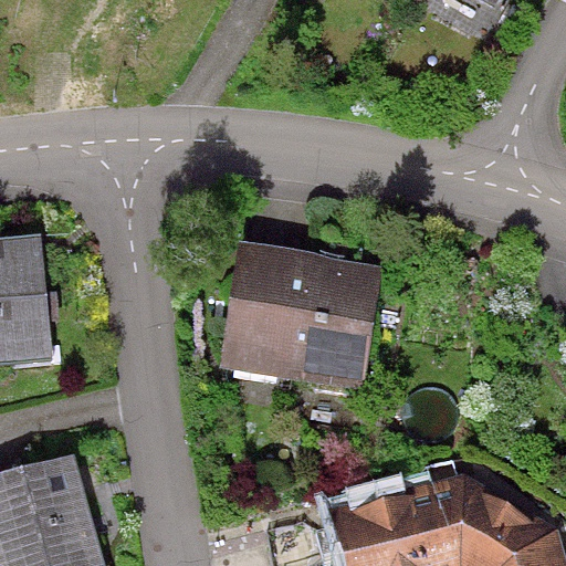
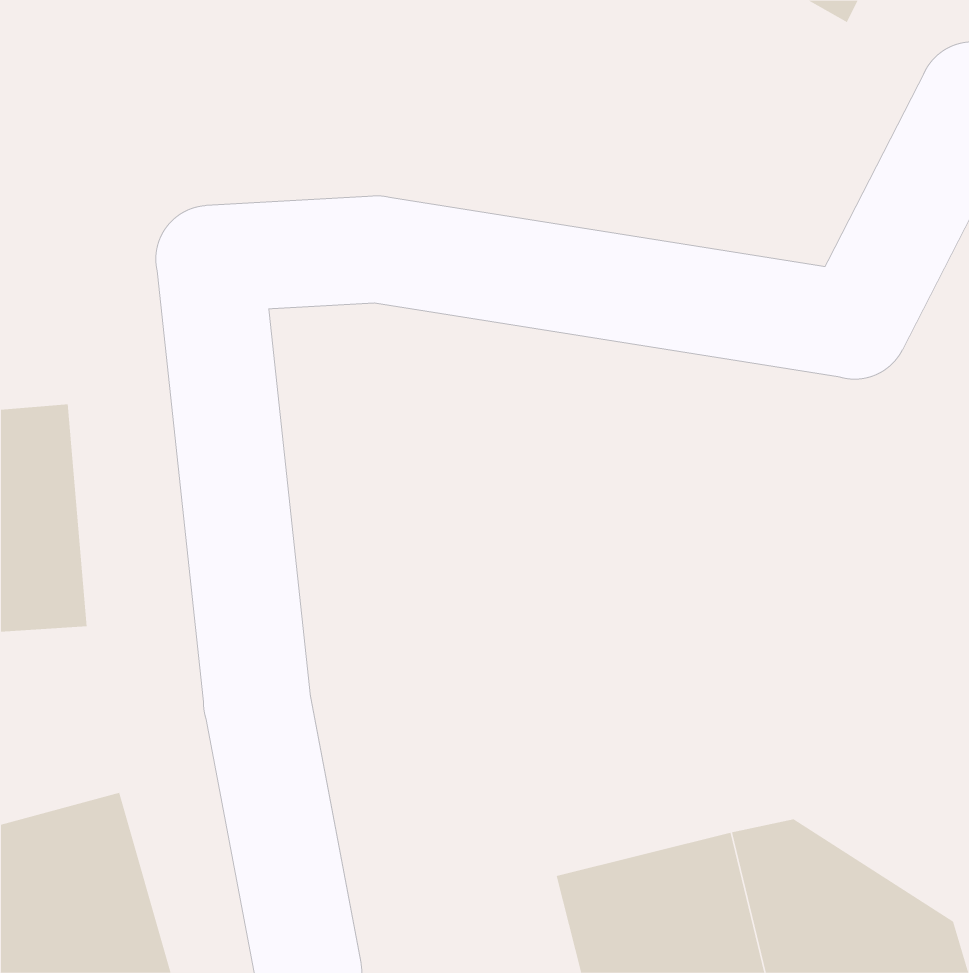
building: [219,247,376,390] -> none

